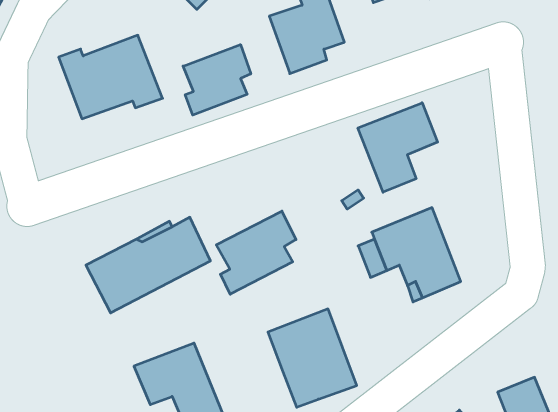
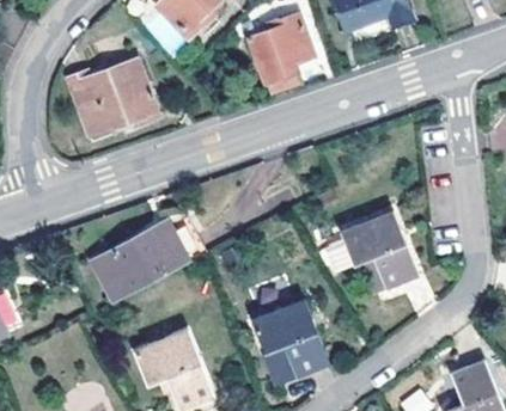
building: [183,45,251,115] -> none
building: [358,103,438,192] -> none
building: [216,211,296,294] -> none

